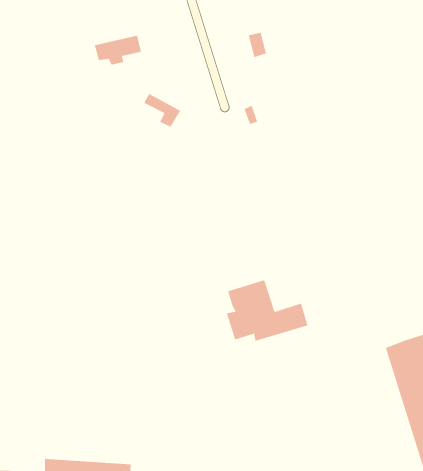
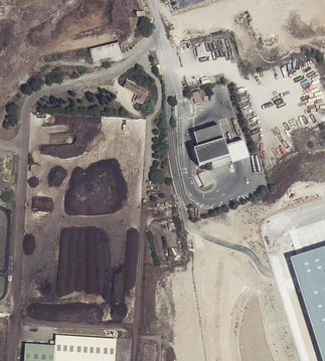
building: [226,279,309,342] -> [192,125,250,168]

